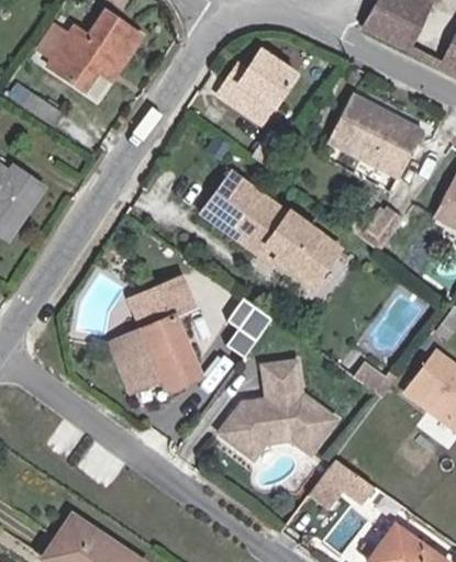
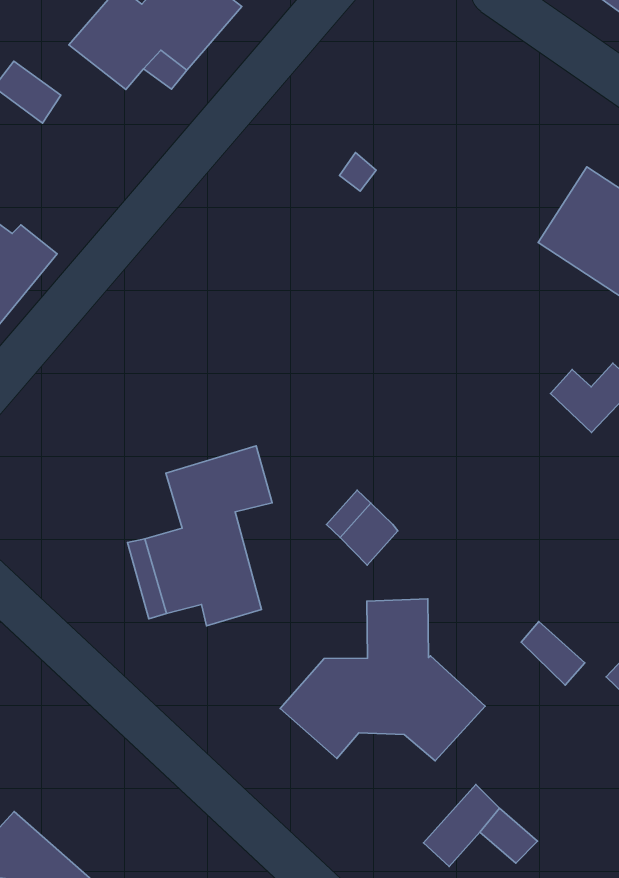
building: [230,55,301,122] -> none
building: [202,172,340,285] -> none

